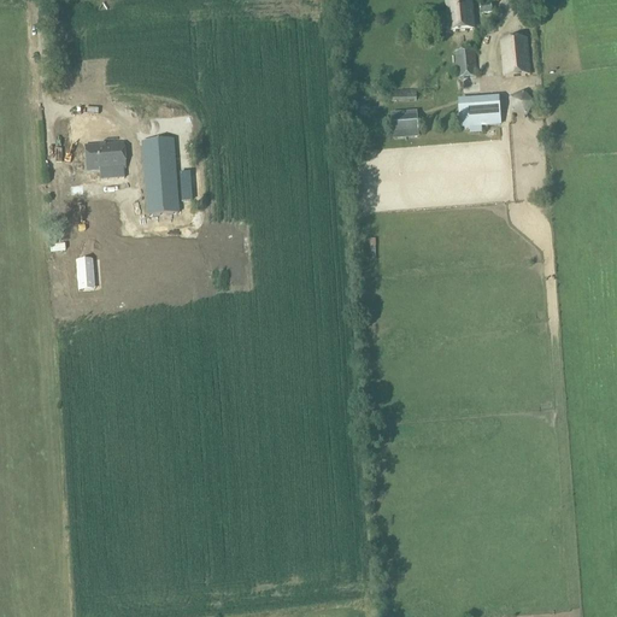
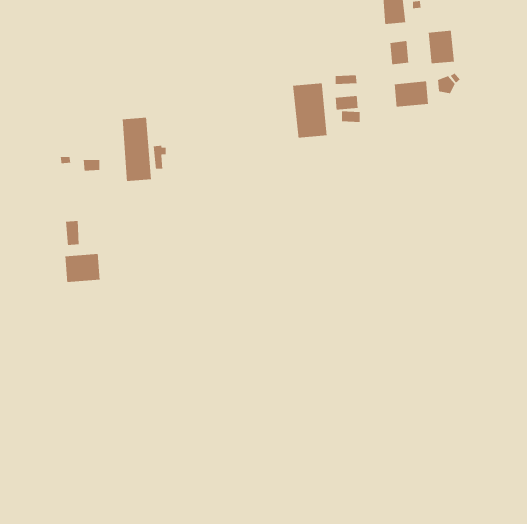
building: none -> [292,82,327,139]
building: [86,140,125,176] -> none
building: none -> [64,253,101,283]

